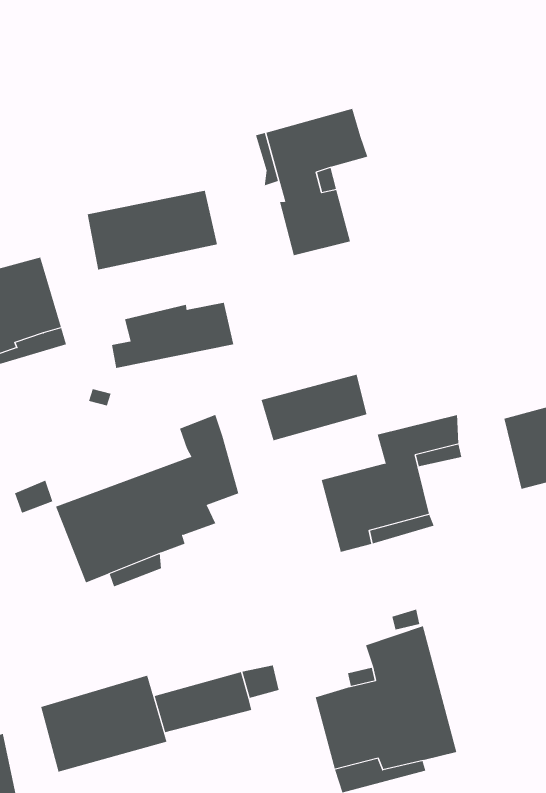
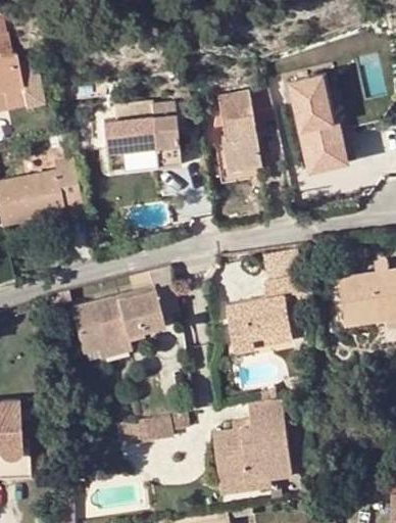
building: none -> [288,69,364,171]
building: [111,302,234,369] -> [104,103,177,137]
building: [261,374,367,441] -> none
building: [40,675,167,772] -> none

